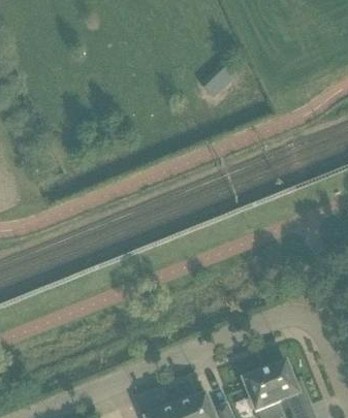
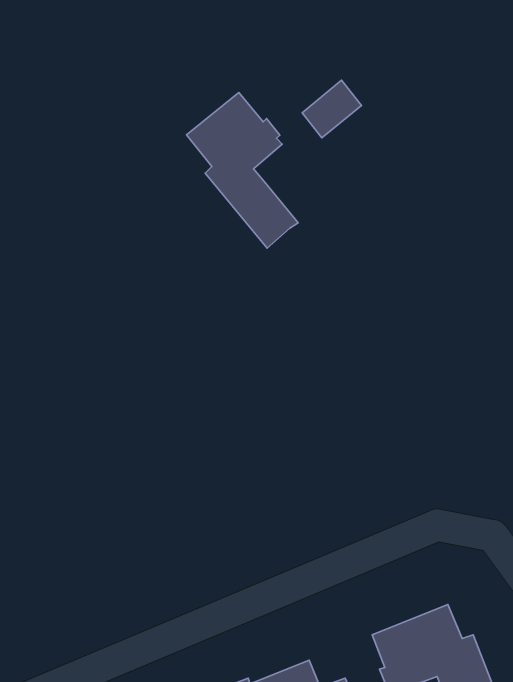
building: none -> [187,93,298,248]

